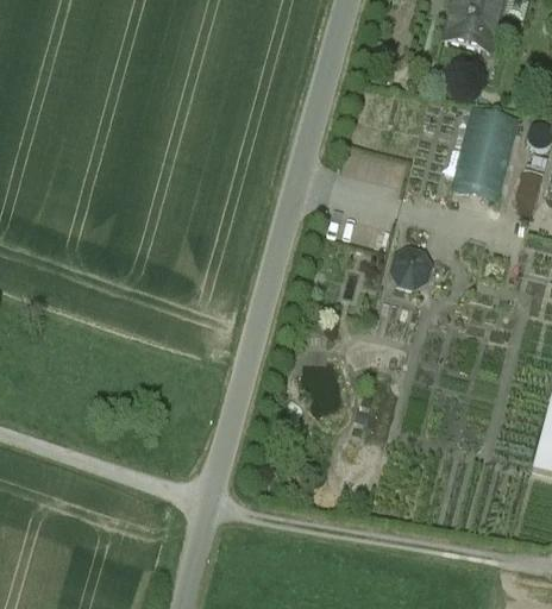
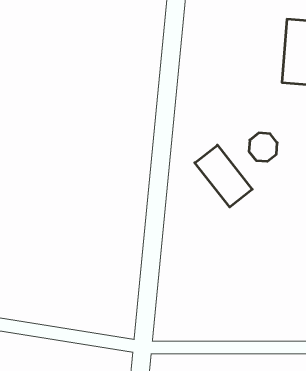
building: none -> [195,145,252,207]

